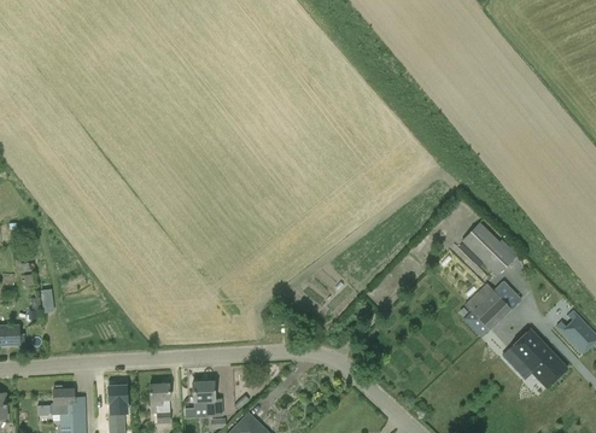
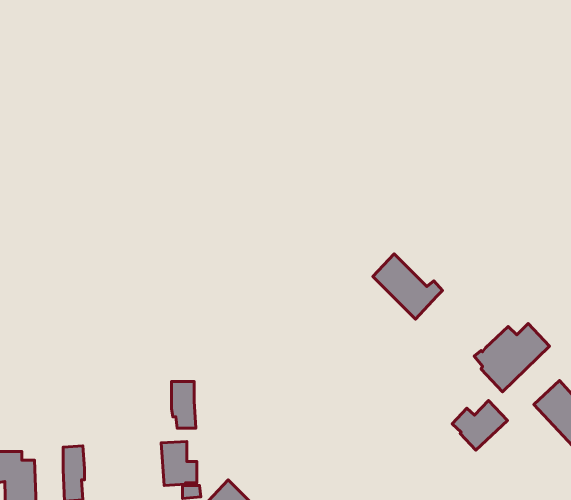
building: [461,221,520,276] -> [373,254,443,319]
building: none -> [452,400,508,450]
building: [150,382,170,422] -> [172,381,196,428]

